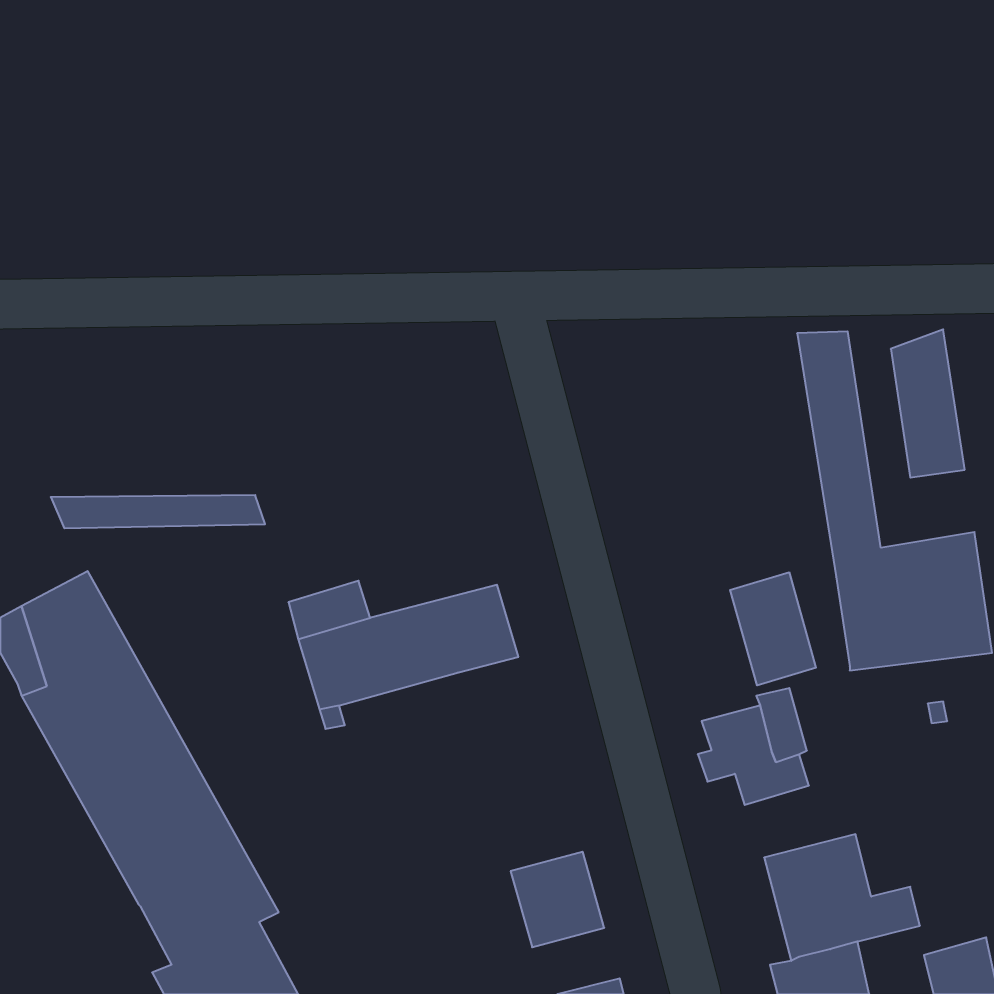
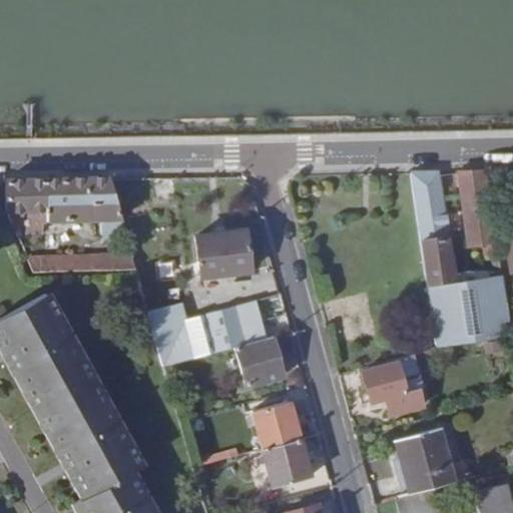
building: none -> [6,177,123,235]
building: none -> [196,230,251,279]
building: [730,572,816,685] -> none
building: none -> [236,336,284,385]
building: none -> [253,401,301,448]

